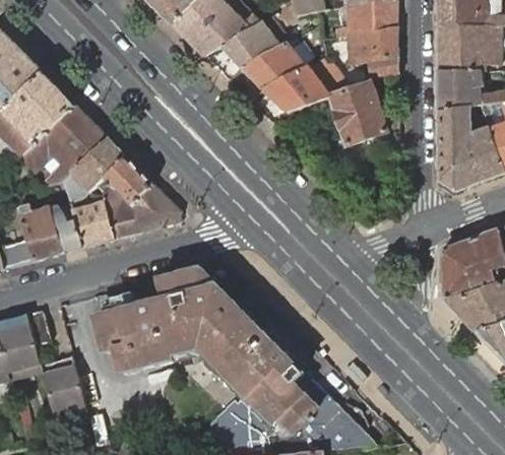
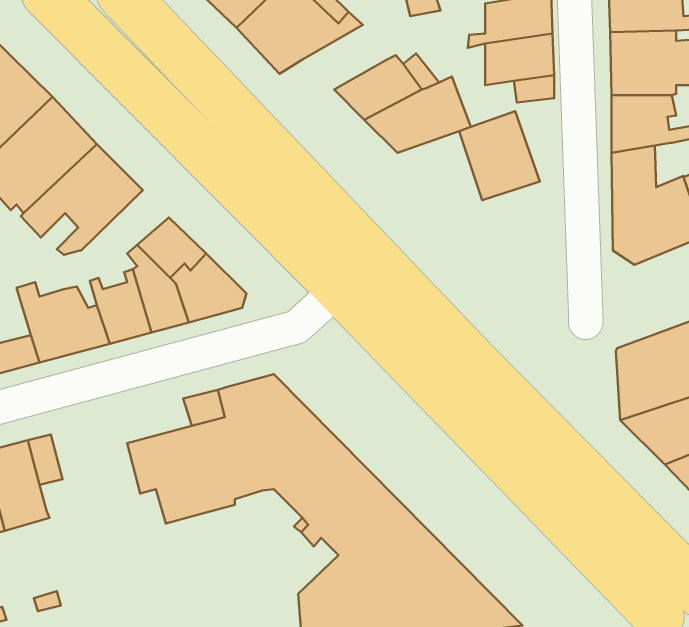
building: [219,14,290,66] -> none
building: [63,137,125,197] -> none
building: [39,355,85,419] -> none

